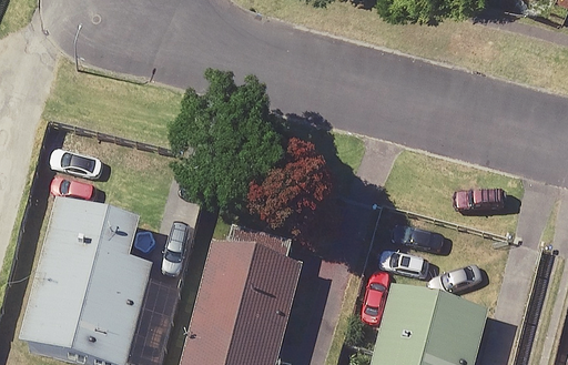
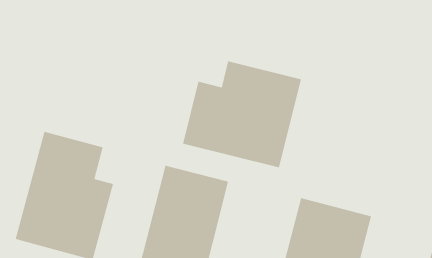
building: none -> [182,61,302,168]

